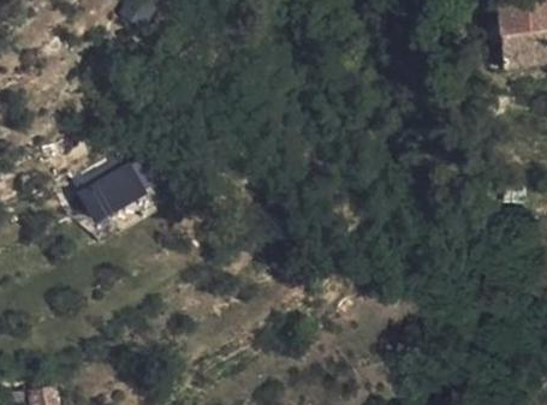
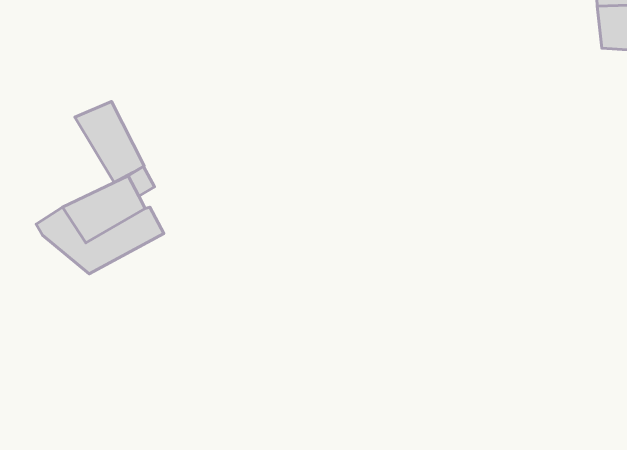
building: none -> [75,102,144,183]

